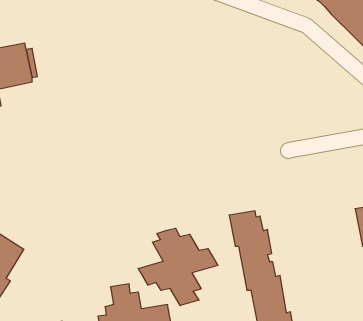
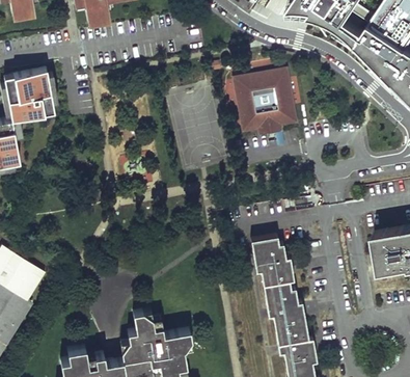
building: none -> [231,71,295,137]
building: [138,228,218,306] -> none

